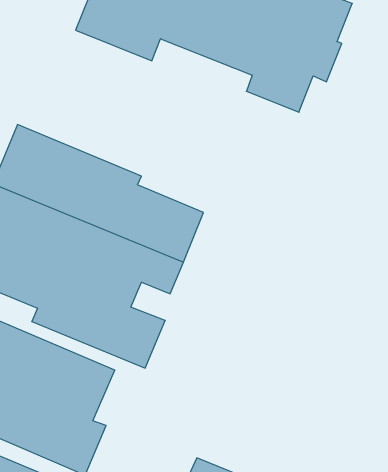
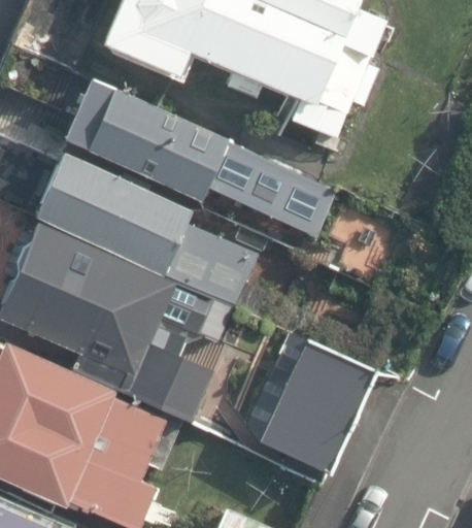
building: none -> [49,70,330,226]
building: none -> [271,342,387,476]

